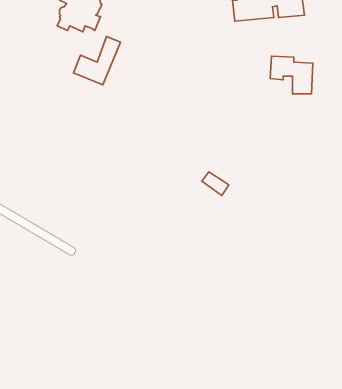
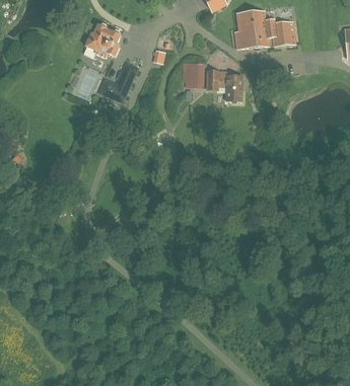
building: none -> [183,61,202,87]
building: [270,56,313,94] -> [206,68,242,100]

